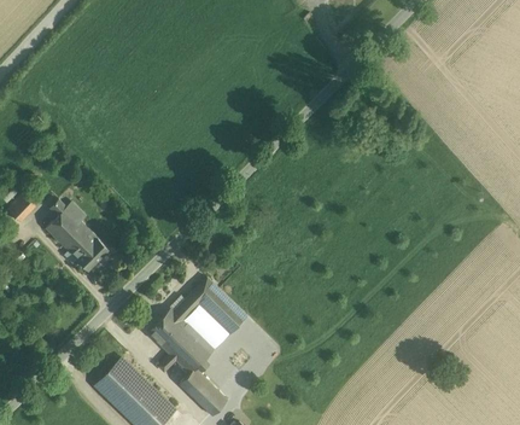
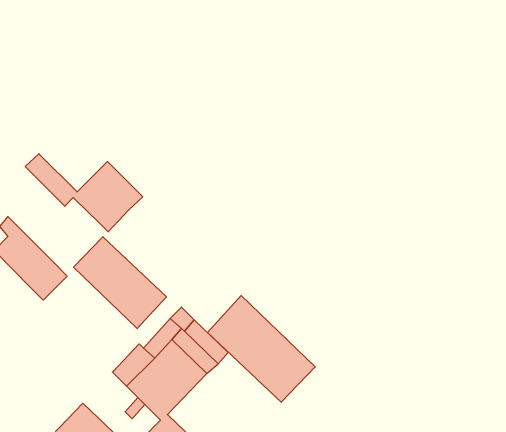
building: none -> [25,154,143,232]
building: none -> [74,237,166,329]
building: none -> [207,296,315,402]

